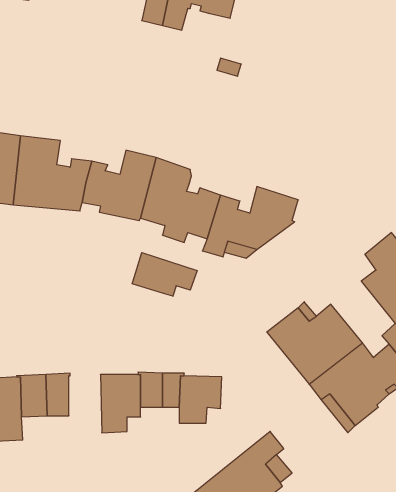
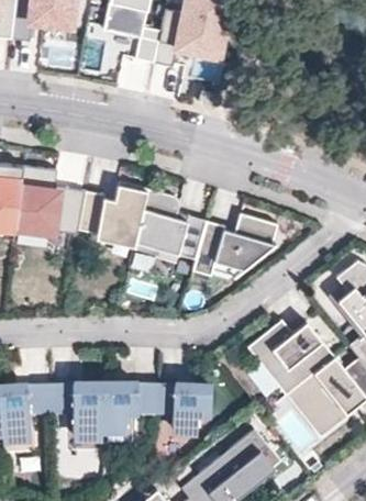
building: [132,253,197,296] -> none
building: none -> [69,383,99,444]

